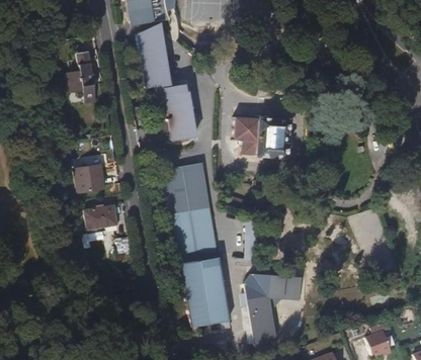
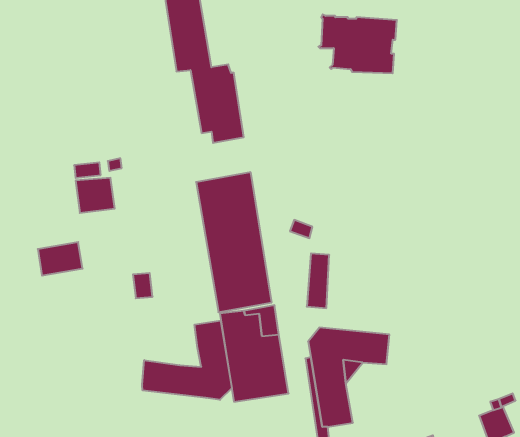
building: [67,63,96,102] -> none
building: [233,115,289,158] -> [318,14,397,73]
building: [84,206,116,231] -> [38,242,83,276]
building: none -> [142,320,232,400]

